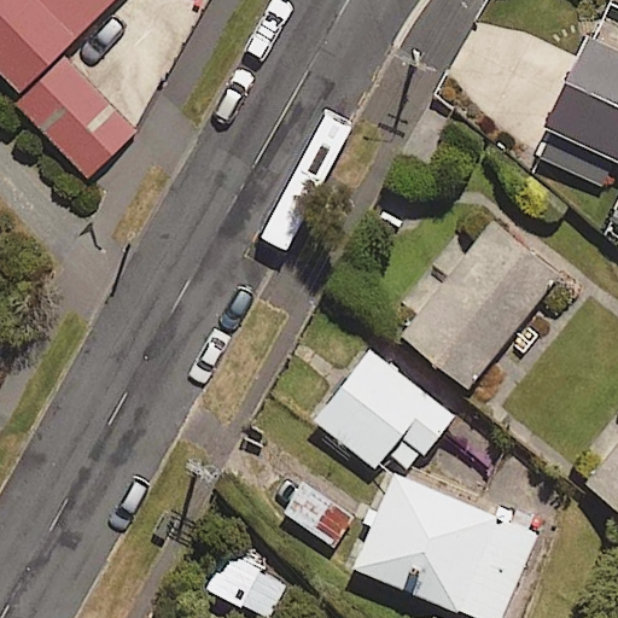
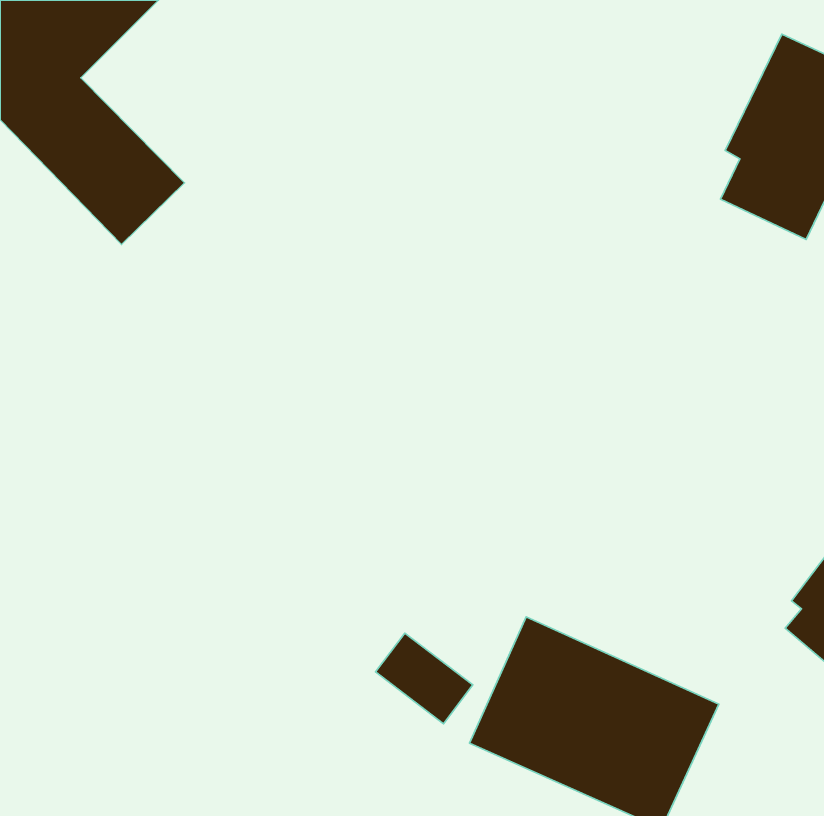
building: [402,218,561,384] -> none
building: [314,349,454,473] -> none

